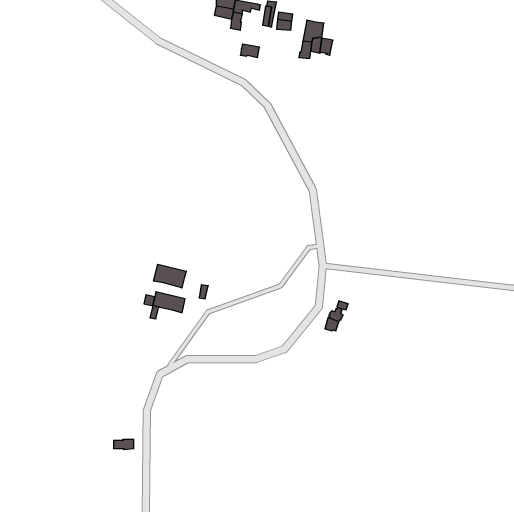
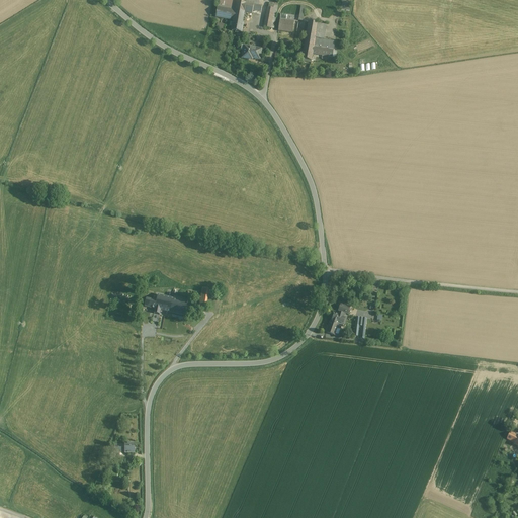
building: [153,264,186,288] -> none

